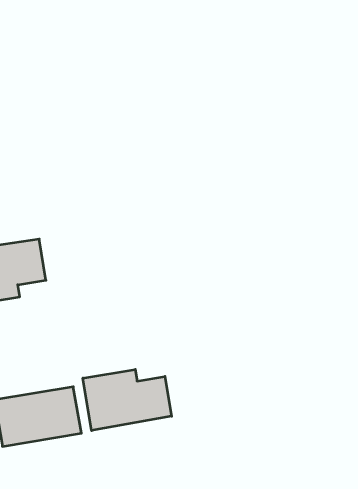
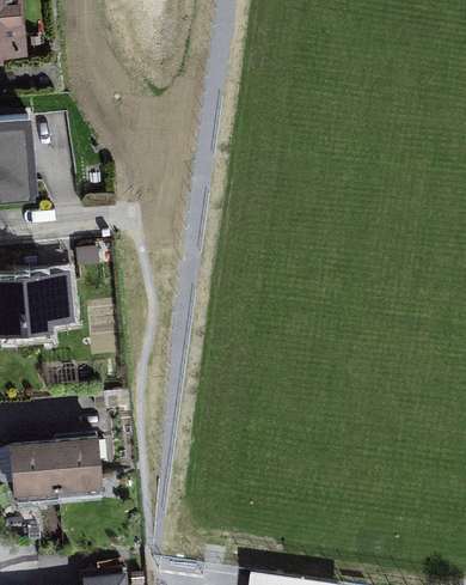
building: [83,369,172,431] -> none

